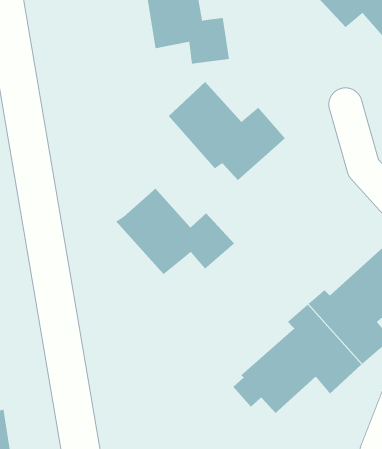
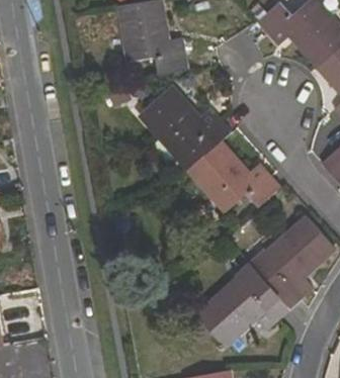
building: [115,188,235,275] -> [187,143,280,210]

